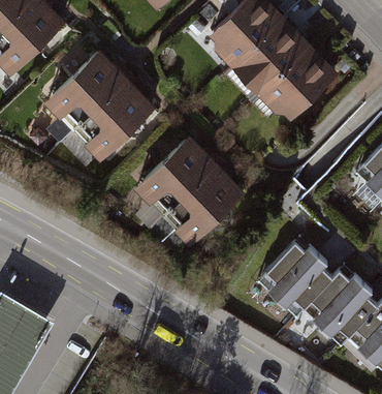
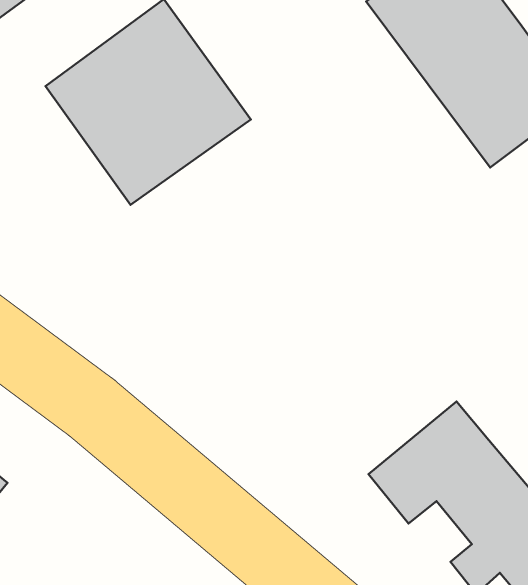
building: [131,142,241,251] -> none

